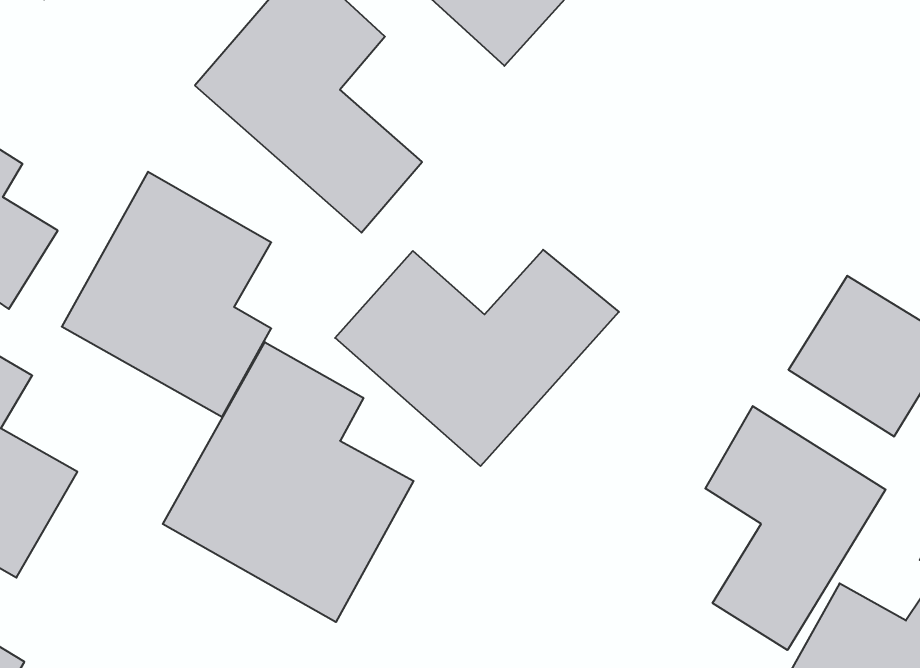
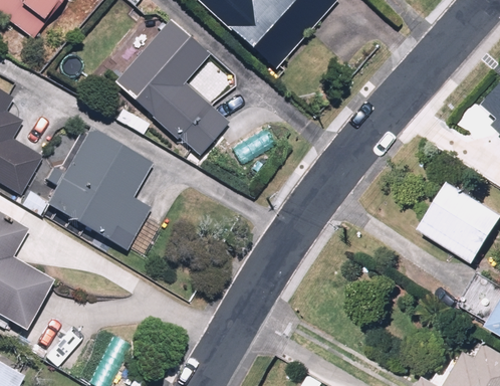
building: [335,250,619,466] -> none
building: [163,342,414,622] -> none
building: [705,406,886,650] -> none

